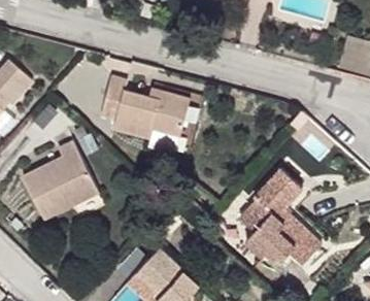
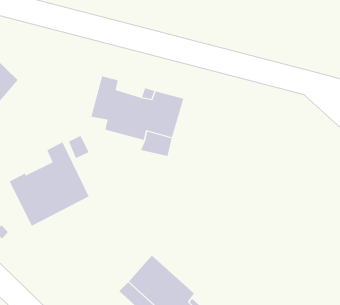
building: [240,168,322,265] -> none

